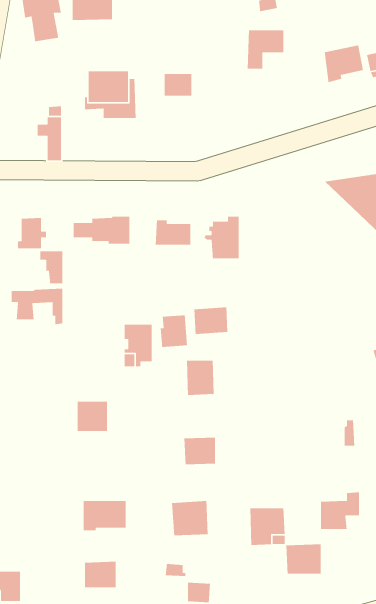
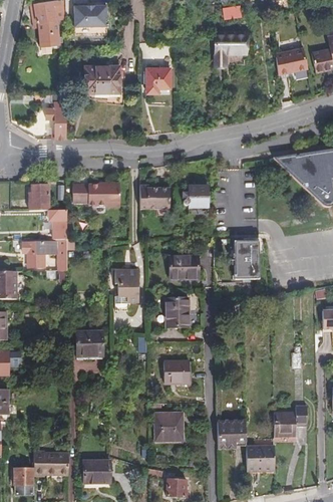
building: none -> [234,241,259,282]
building: [160,314,188,348] -> none
building: [83,500,126,531] -> [34,451,69,476]

